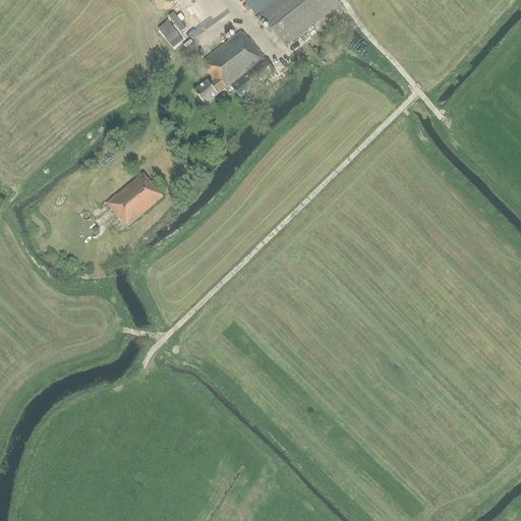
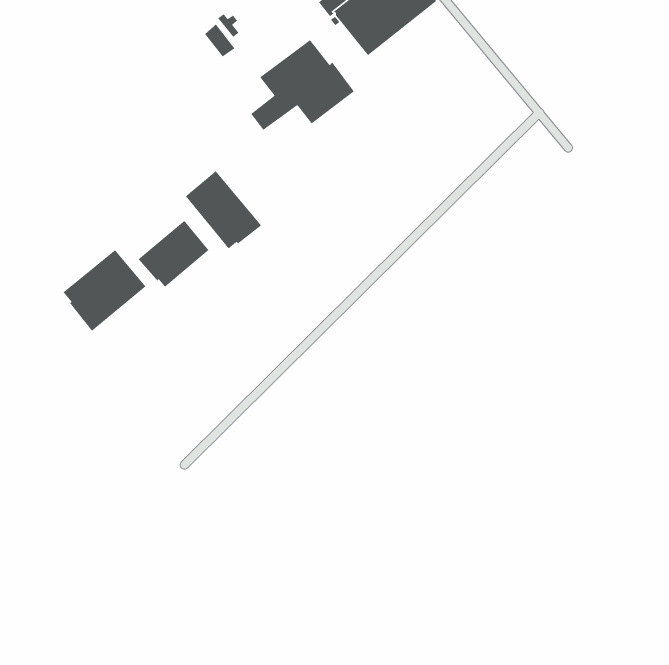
building: none -> [185,170,262,250]
building: none -> [62,249,146,332]

